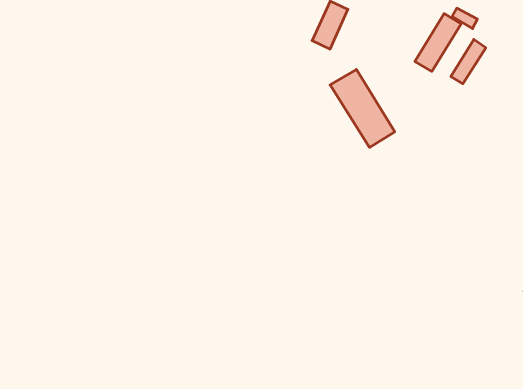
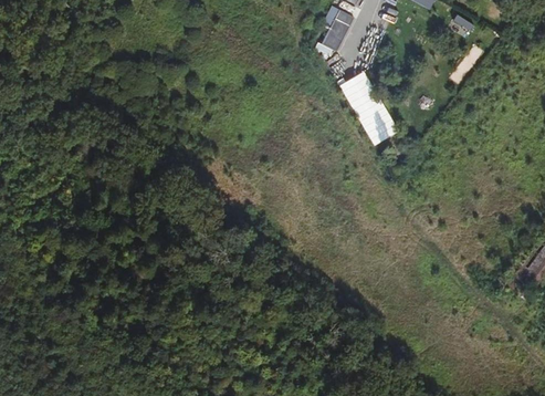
building: [415,14,461,71] -> none

